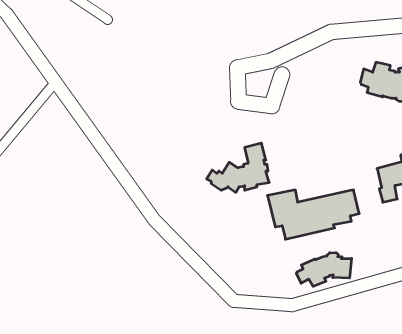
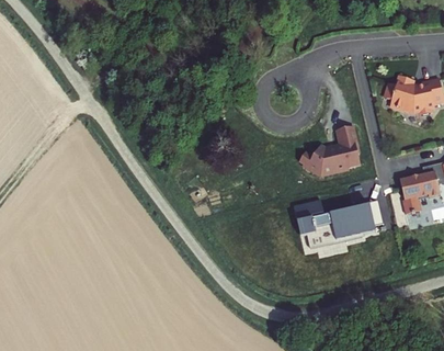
building: [207,143,269,192] -> [298,125,360,173]
building: [296,253,352,286] -> none

